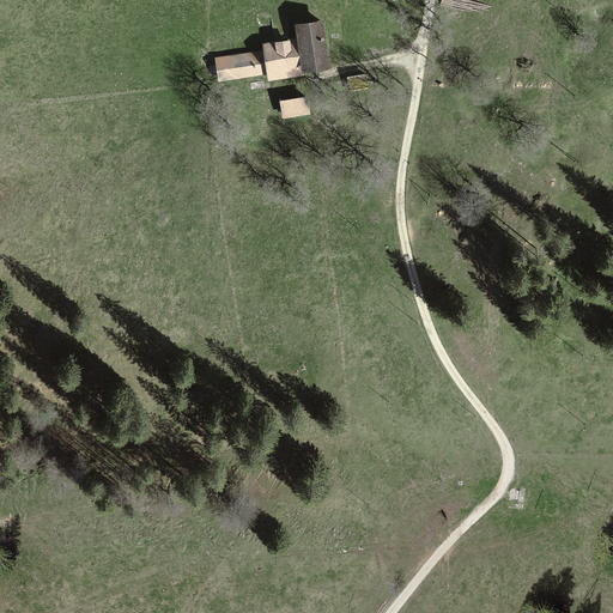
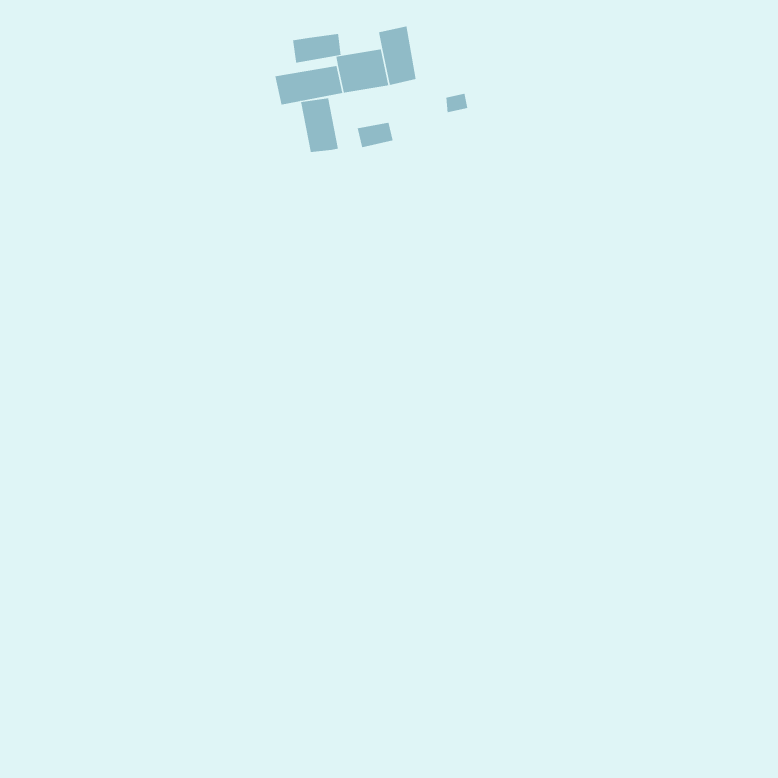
building: none -> [293,33,341,63]
building: none -> [301,98,339,153]

